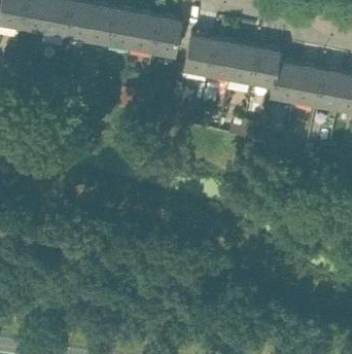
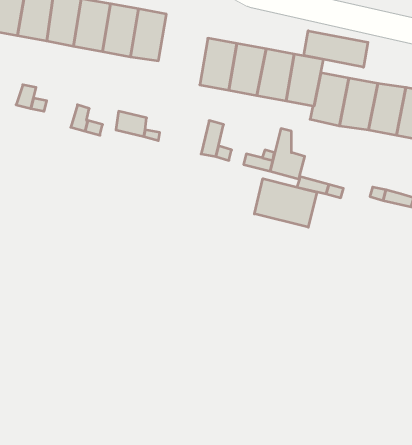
building: [153,17,182,58] -> none
building: none -> [304,31,368,67]
building: none -> [254,179,317,227]

